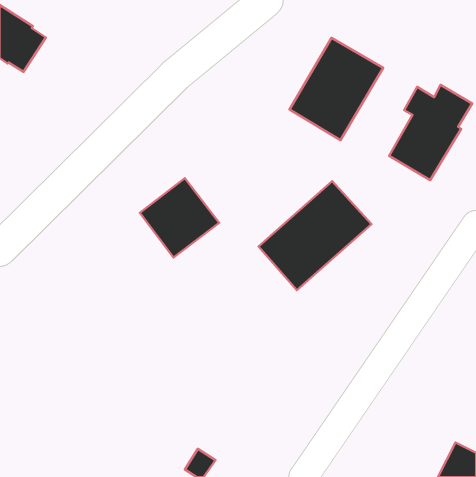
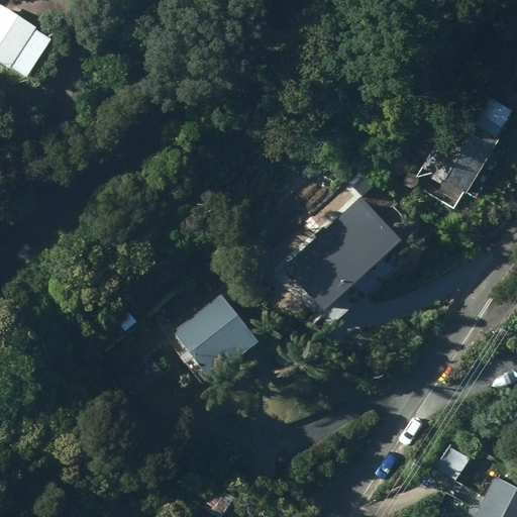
building: [290,38,383,140] -> none
building: [140,178,219,258] -> [172,295,257,381]

